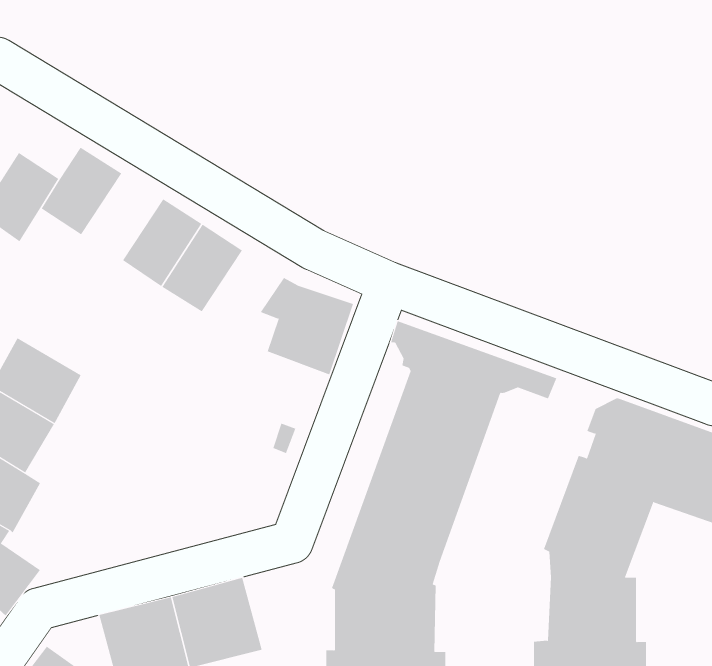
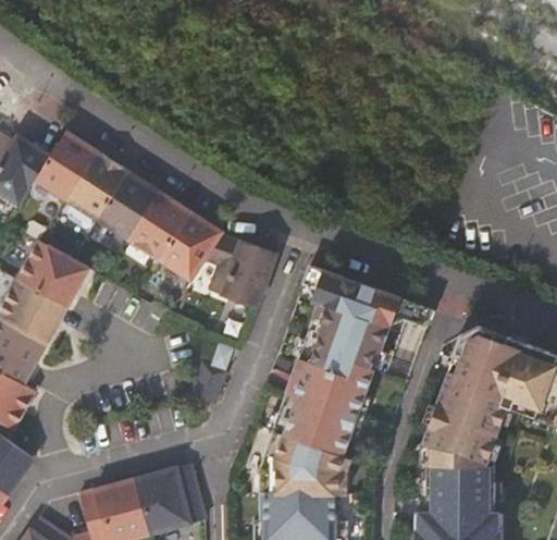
building: none -> [65,151,128,219]
building: none -> [159,211,222,281]
building: none -> [15,240,88,308]

